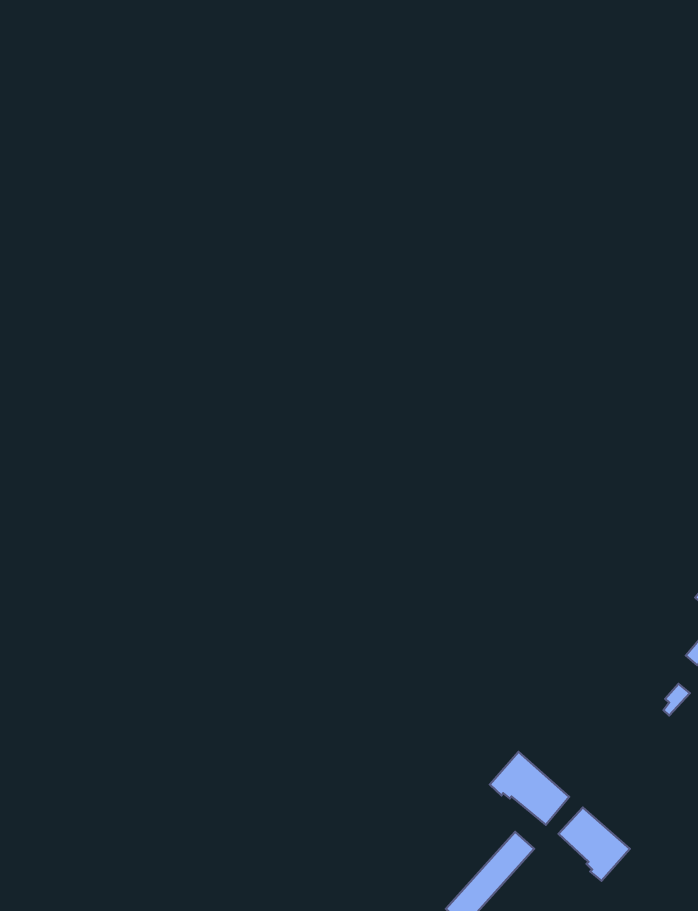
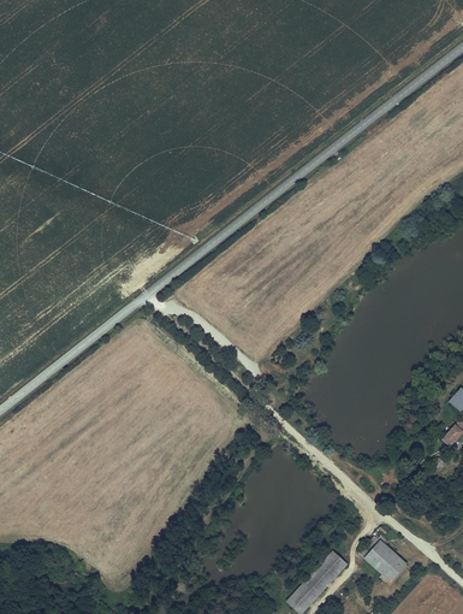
building: [490,752,569,825] -> none

